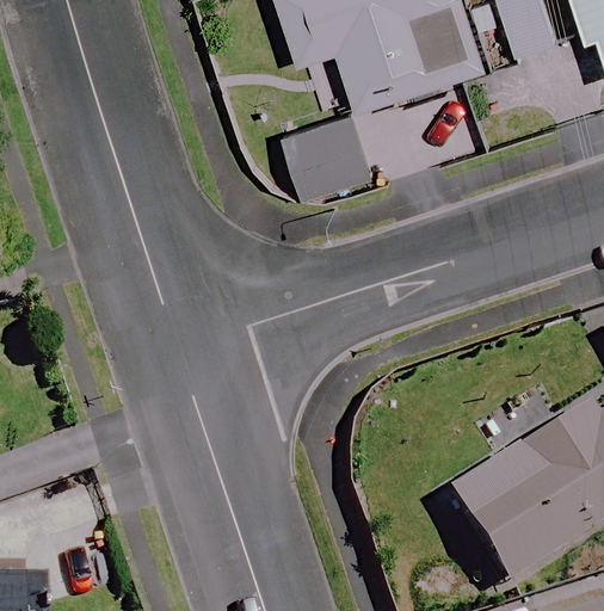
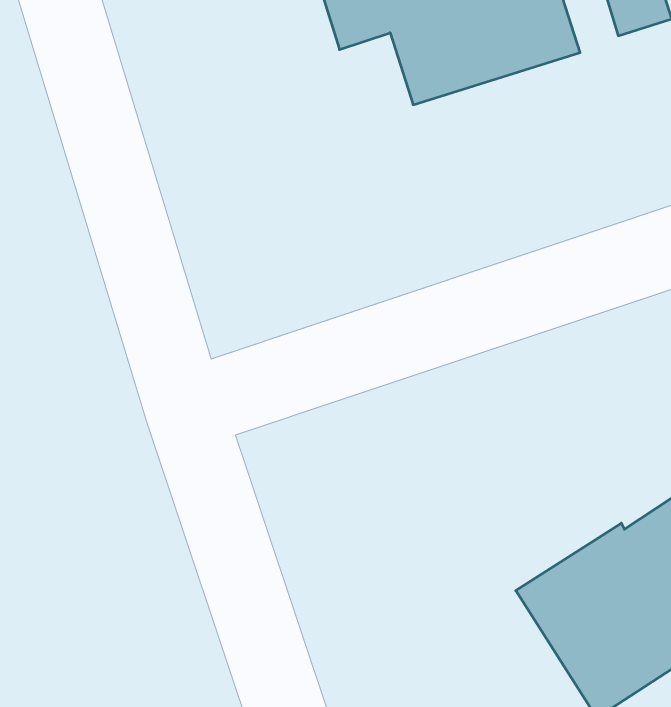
building: [284,117,372,199] -> none

